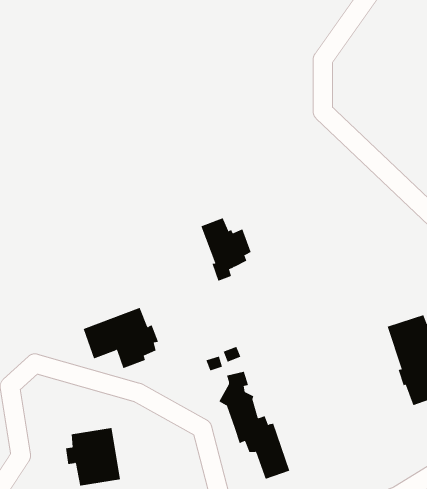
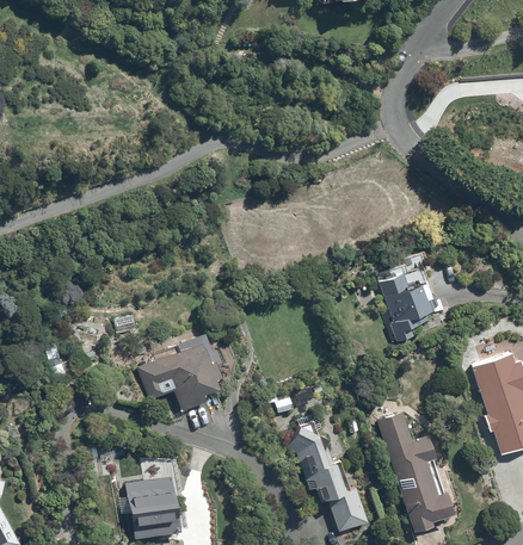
building: [200,218,252,282] -> [377,273,433,343]
building: none -> [375,411,453,534]

